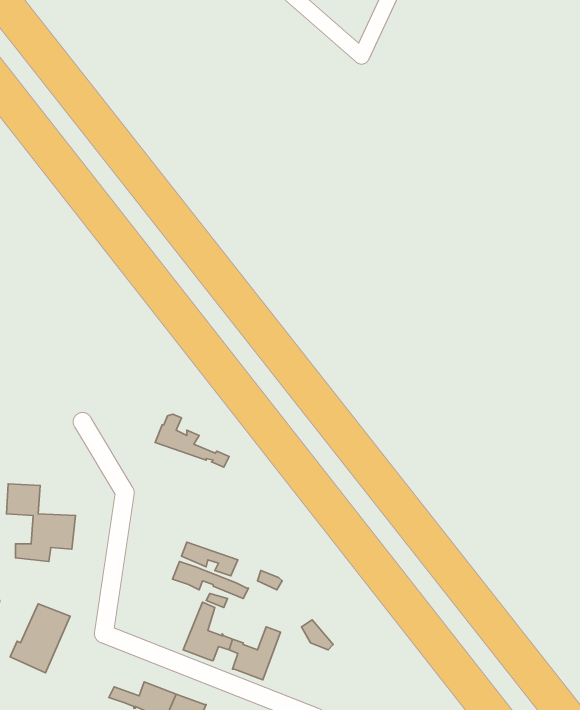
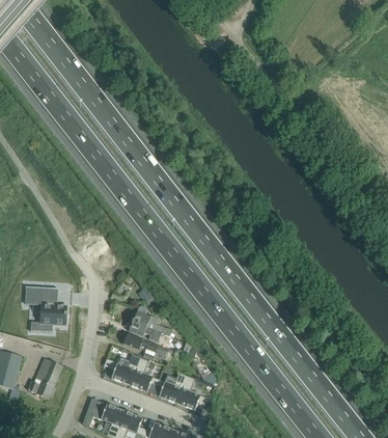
building: [155,414,229,467] -> [131,305,174,336]
building: none -> [107,354,140,385]
building: none -> [175,375,205,410]

